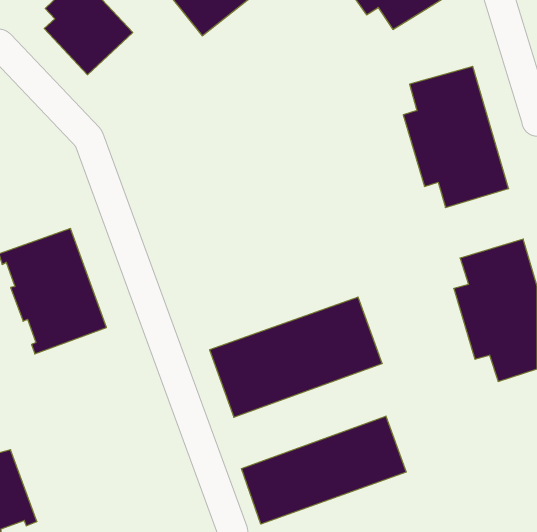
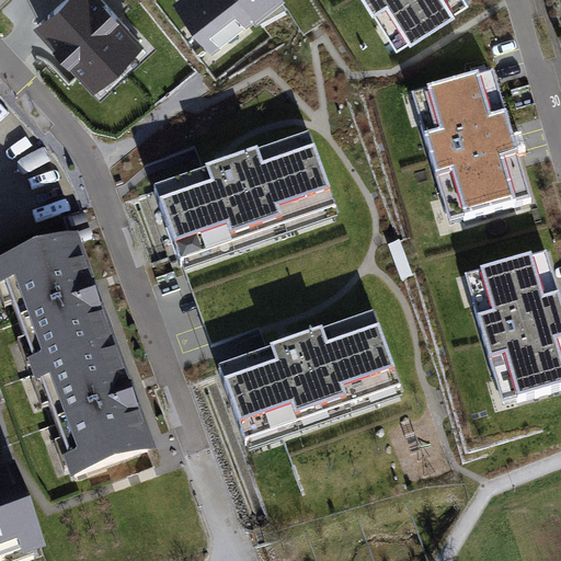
building: none -> [152,130,332,255]
building: none -> [36,341,148,470]
building: [241,416,406,524] -> none

